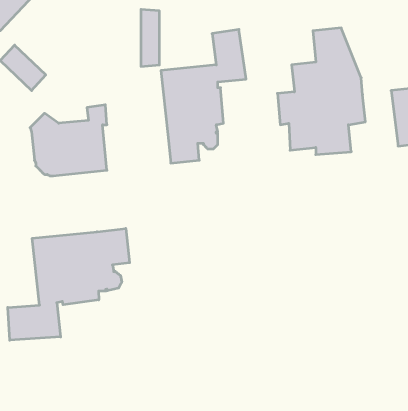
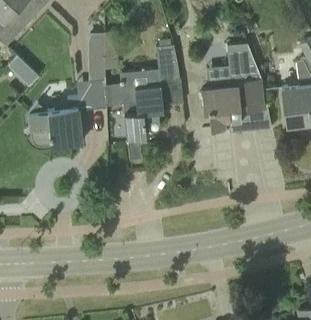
building: none -> [86,44,105,108]
building: [8,228,130,340] -> none

